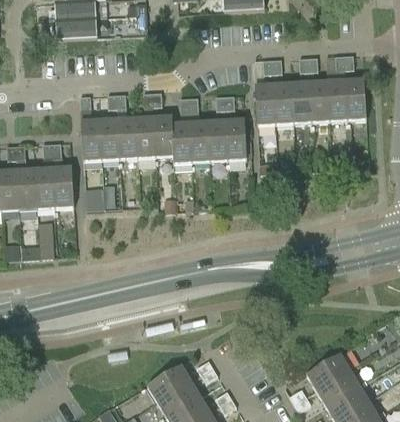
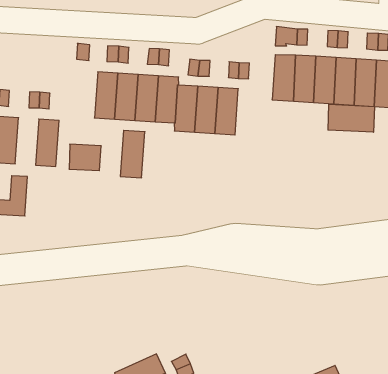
building: [226,118,247,160] -> none
building: [81,119,102,161] -> [120,130,145,178]
building: none -> [328,104,374,132]
building: [35,167,55,209] -> none

